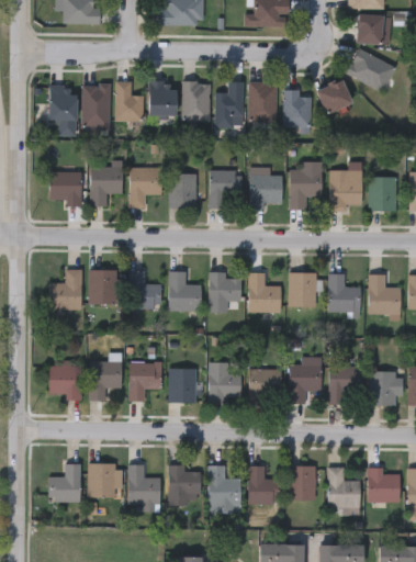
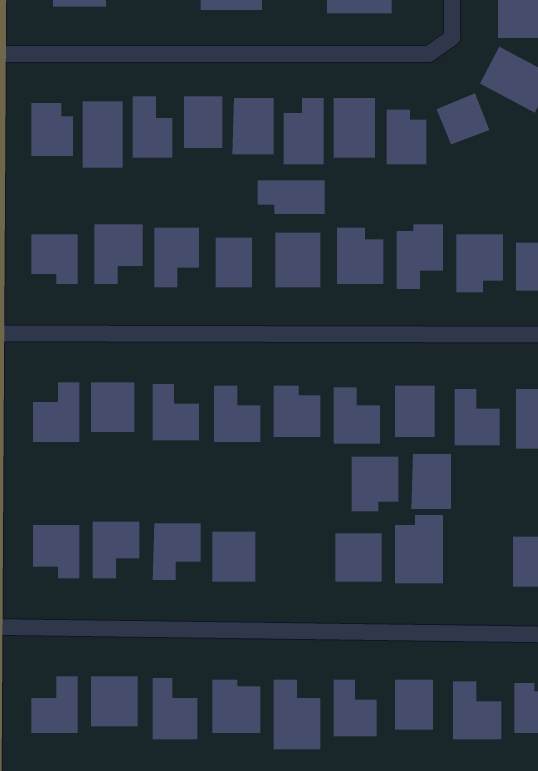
building: none -> [257,180,326,215]
building: [209,366,240,403] -> [351,456,399,512]
building: [328,366,356,403] -> [410,453,452,510]

